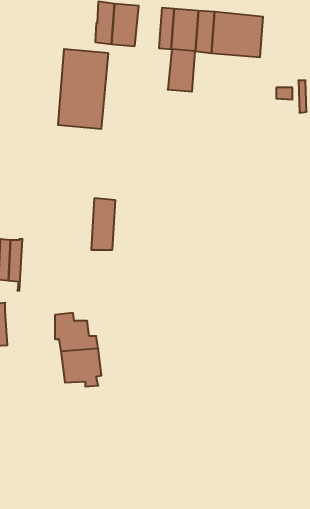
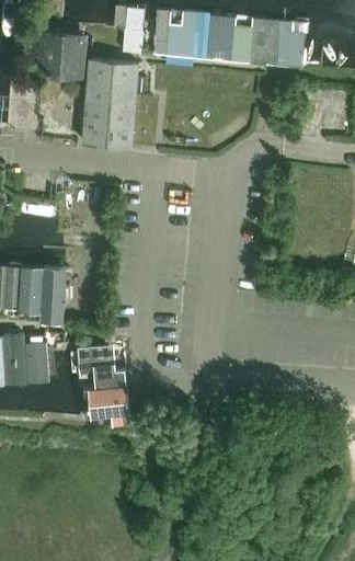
building: none -> [41,33,80,78]
building: [168,49,195,92] -> [164,13,194,59]
building: [91,198,115,250] -> [39,266,66,322]
building: none -> [24,342,49,382]

